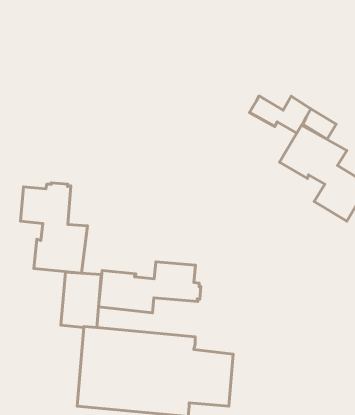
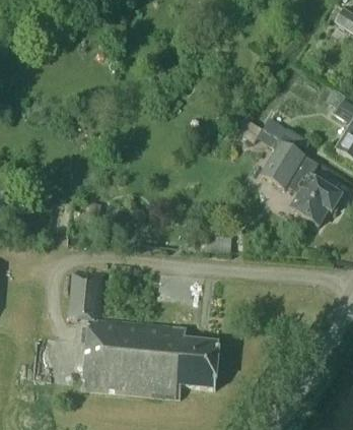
building: [20,183,87,273] -> none
building: [99,262,201,313] -> none

